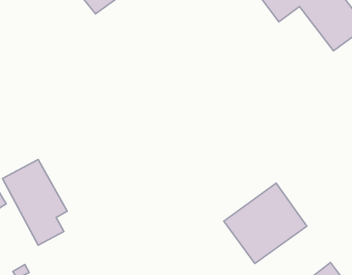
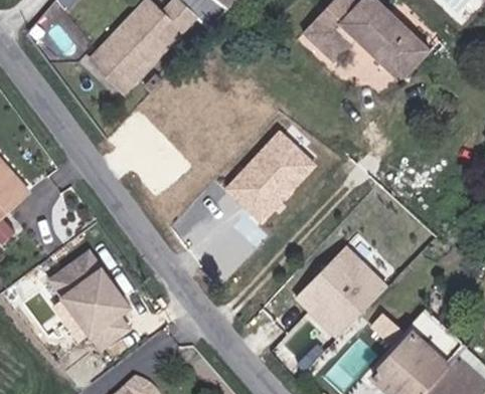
building: none -> [231,125,325,220]

